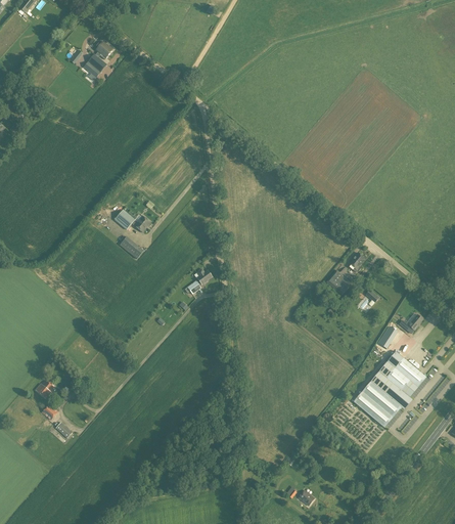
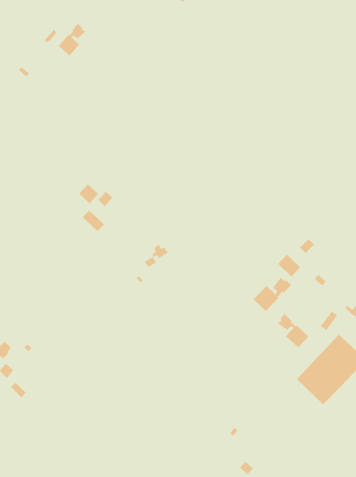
building: none -> [253,277,292,312]
building: none -> [277,313,309,348]

